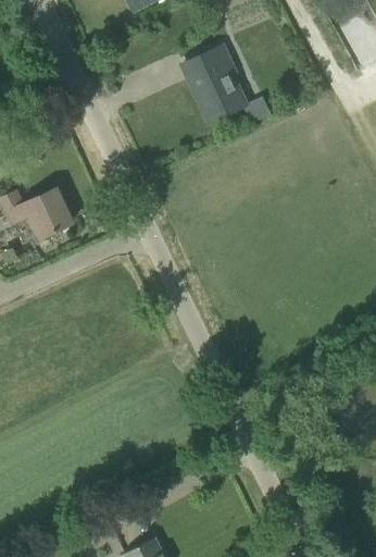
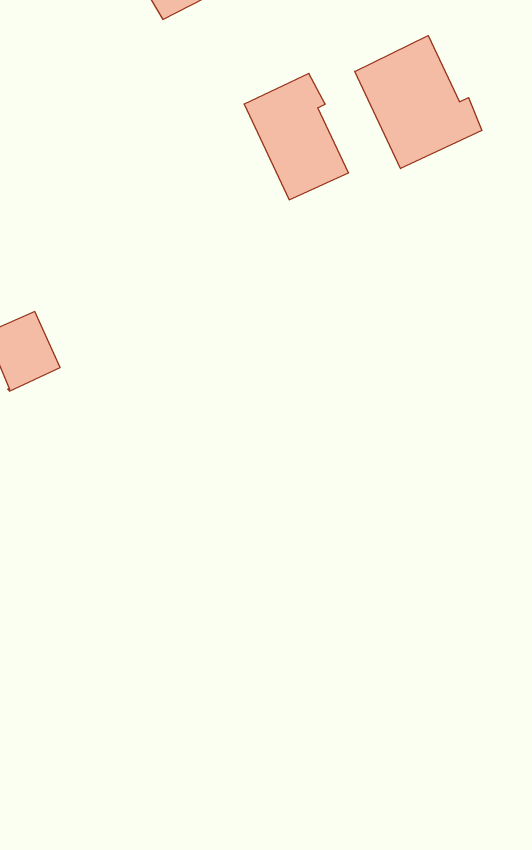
building: none -> [355,36,482,169]

